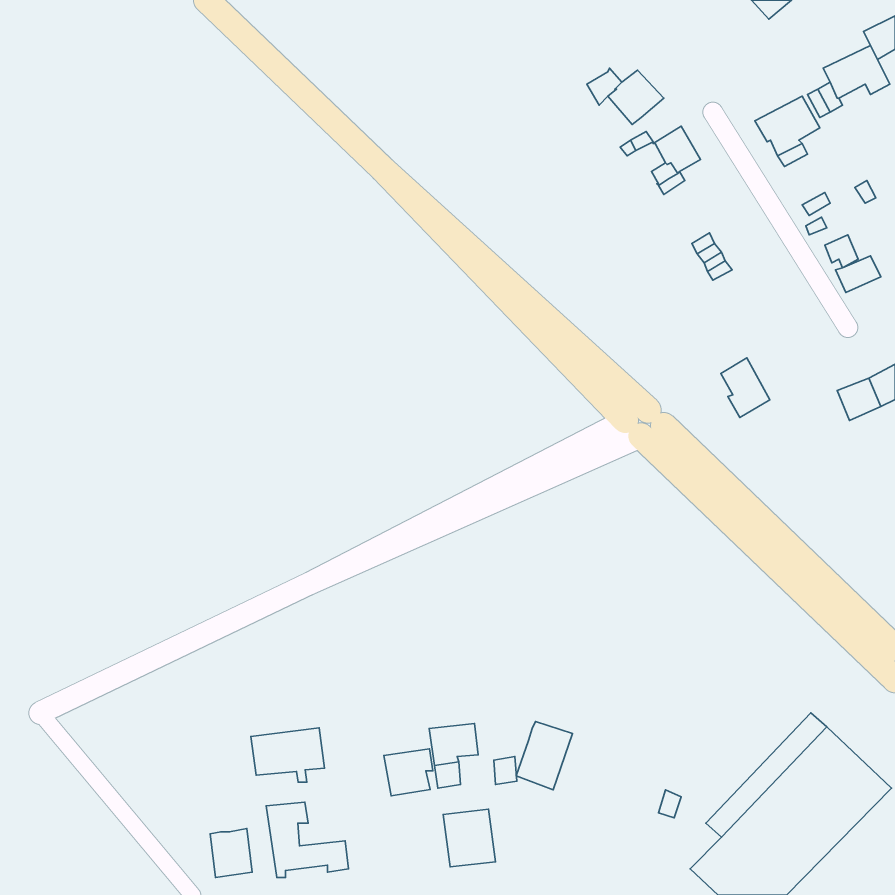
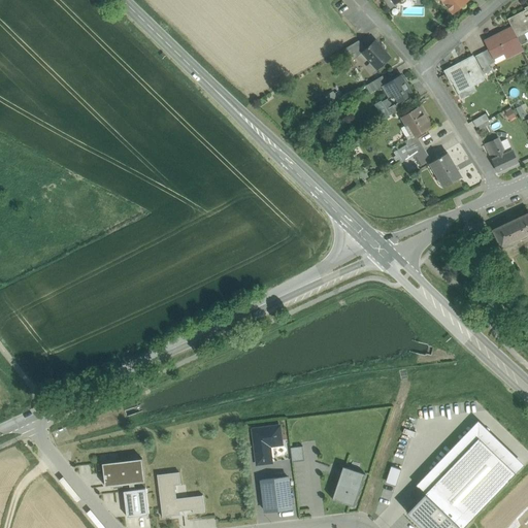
building: none -> [401,106,431,135]
building: [721,358,770,417] -> [432,152,461,187]
building: [516,721,572,790] -> [332,466,365,506]
building: [251,728,324,782] -> [102,458,145,490]
building: [384,749,433,796] -> none

